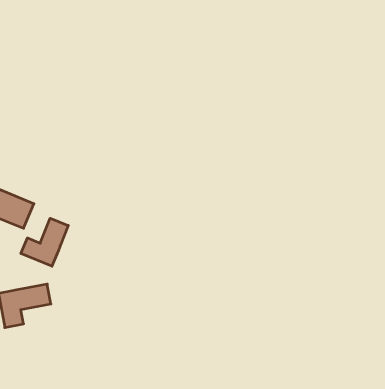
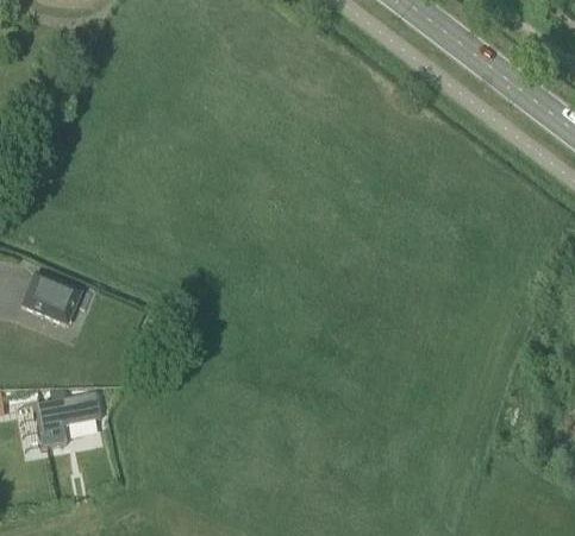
building: [21,218,68,266] -> none

